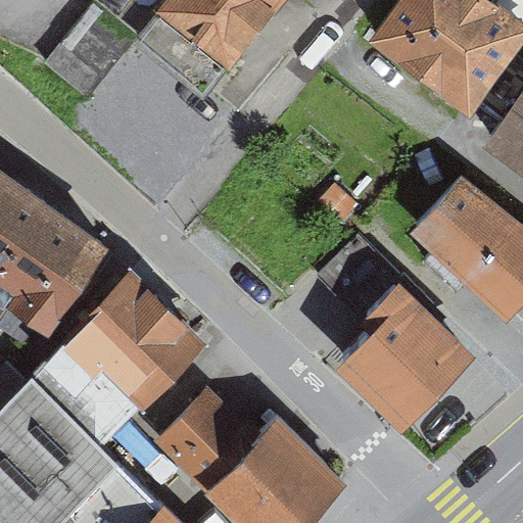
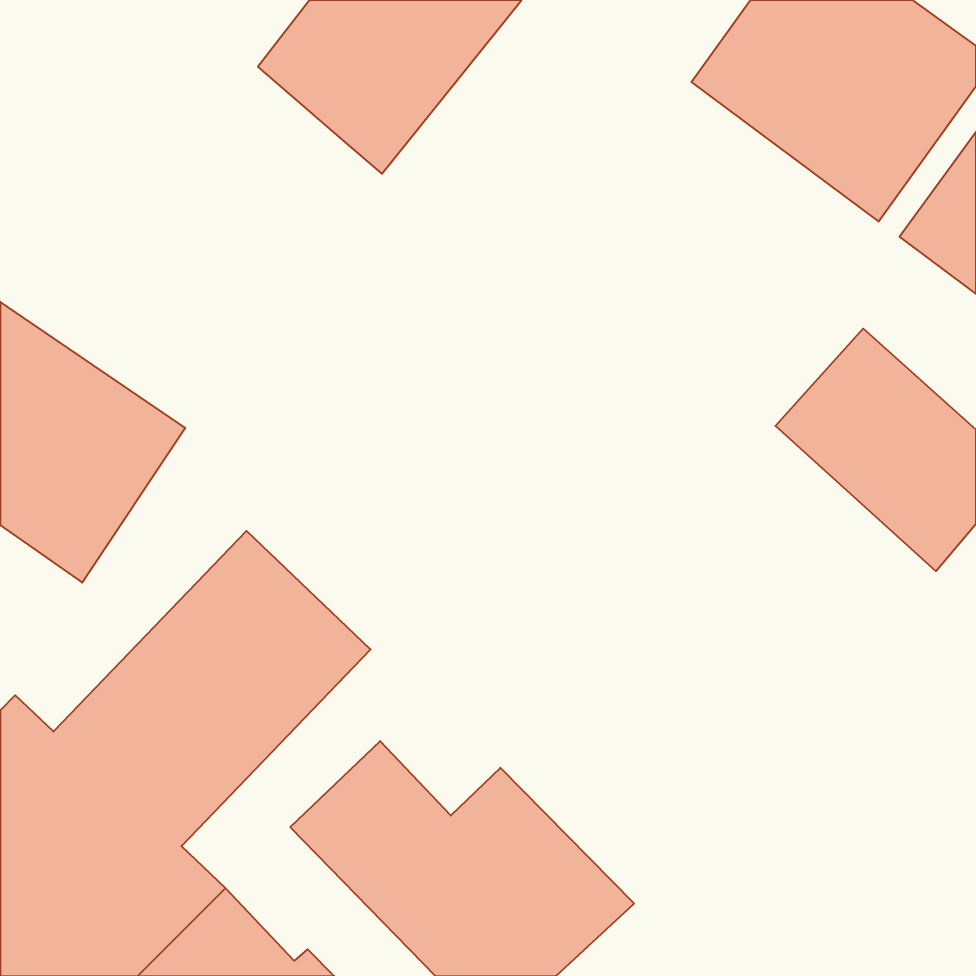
building: [48,4,138,97] -> none
building: [339,283,474,429] -> none

